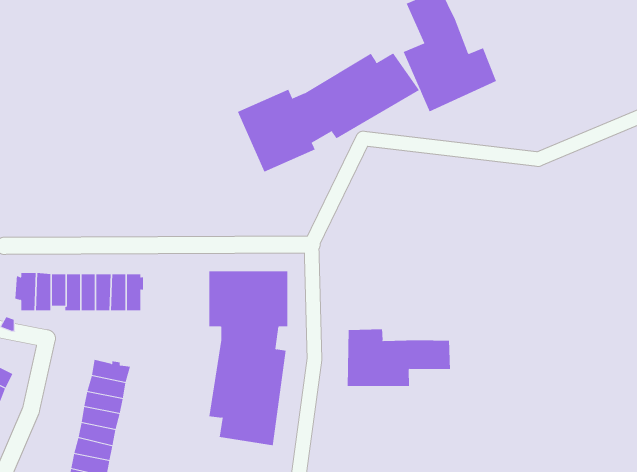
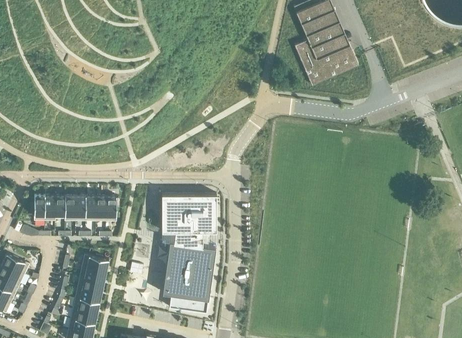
building: [237,52,420,172] -> none
building: [347,328,450,387] -> none

